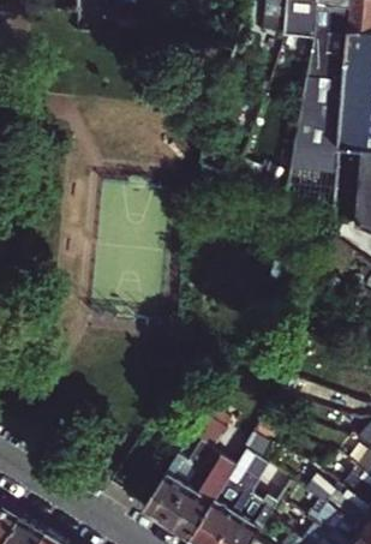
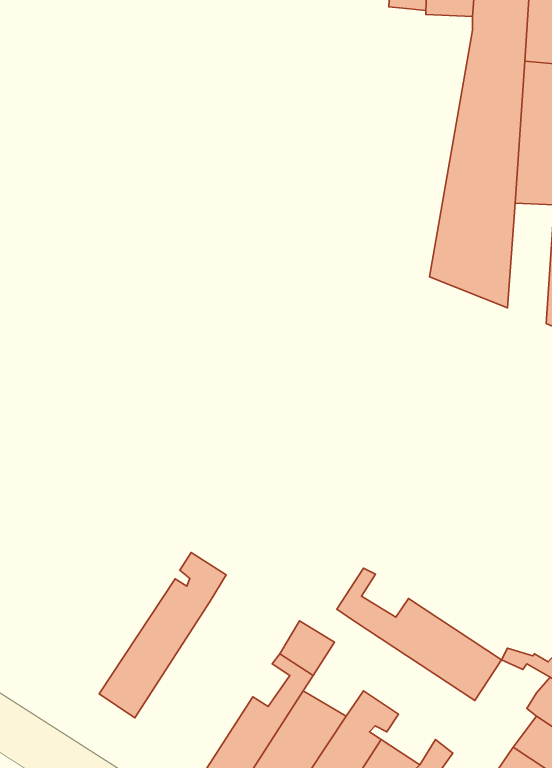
building: none -> [99,552,226,718]
building: none -> [337,568,502,701]

